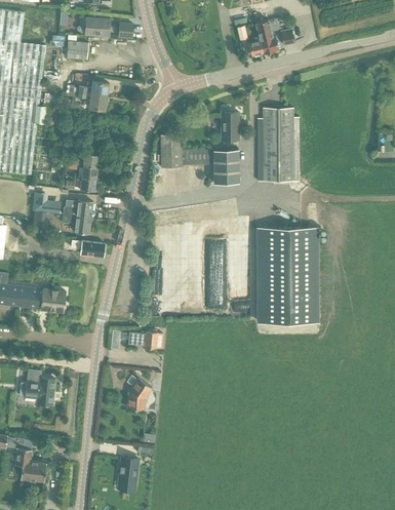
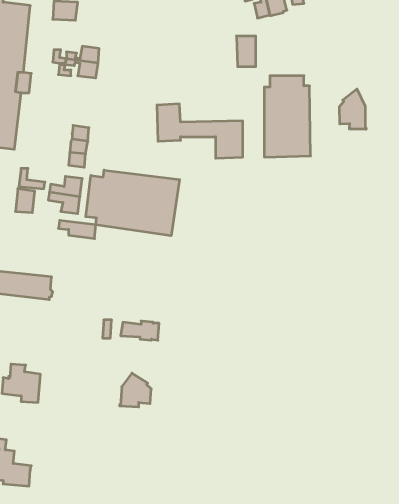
building: [221,111,238,139] -> [236,36,256,67]
building: none -> [340,89,366,129]
building: none -> [86,170,180,236]
building: [258,227,317,321] -> none
building: [118,457,139,485] -> none

